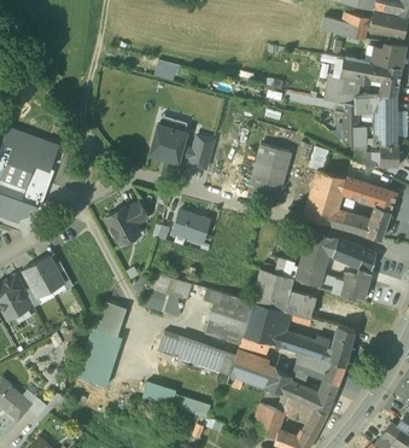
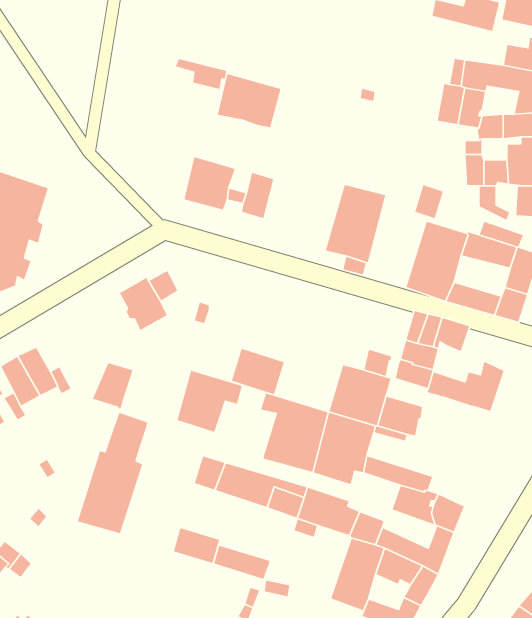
building: none -> [217,73,282,128]
building: [173,209,210,242] -> [231,348,285,395]
building: [343,242,376,272] -> none
building: none -> [92,362,134,409]
building: [320,325,355,366] -> none

